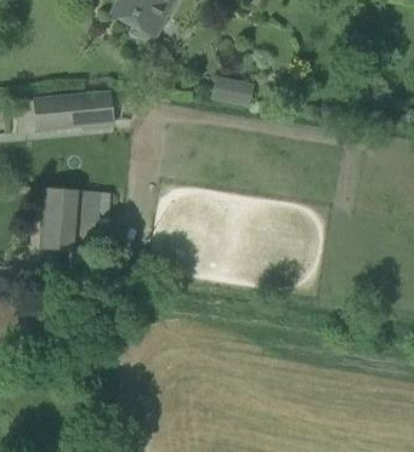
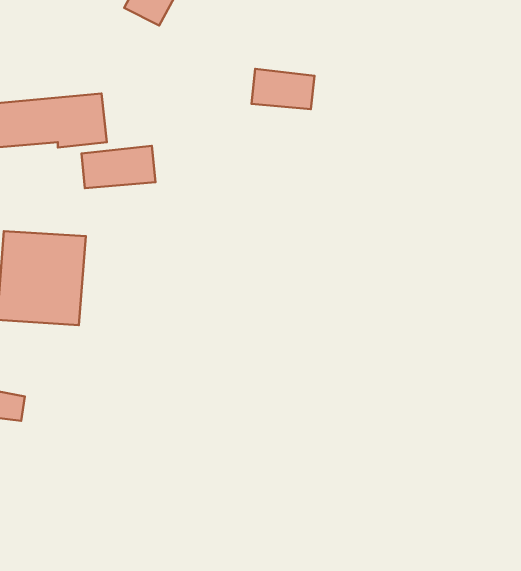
building: none -> [81,146,155,188]

